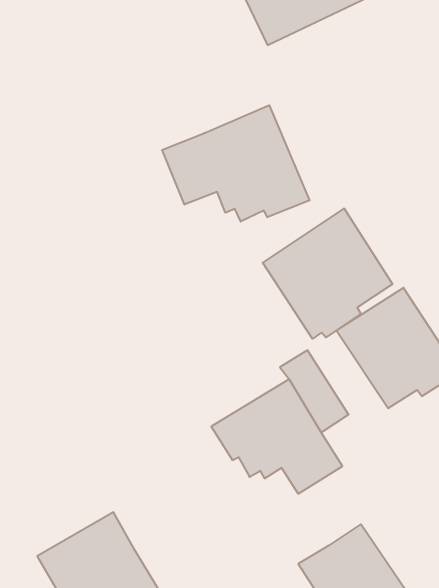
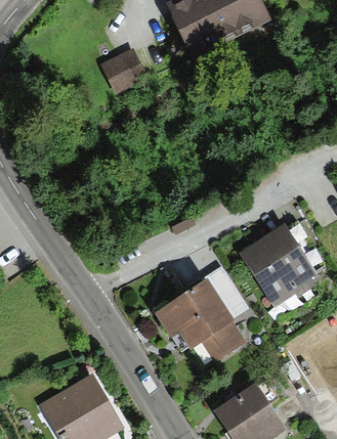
building: none -> [100,48,150,94]
building: [162,105,310,222] -> none
building: [263,208,392,339] -> none

